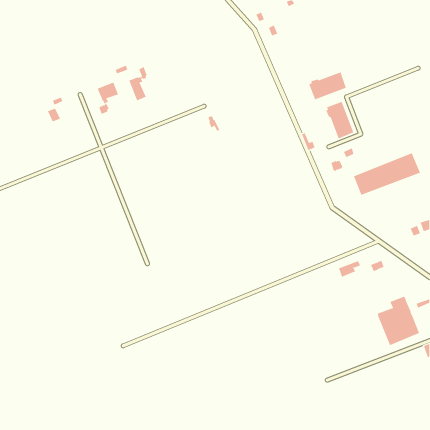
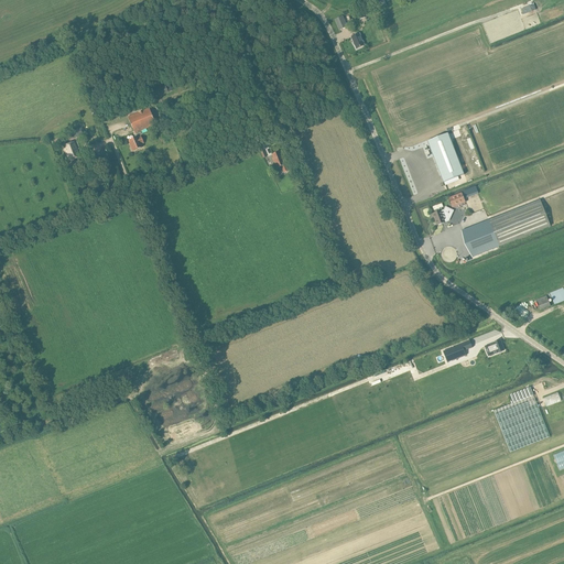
building: [128,66,148,101] -> none
building: [309,71,347,100] -> none

